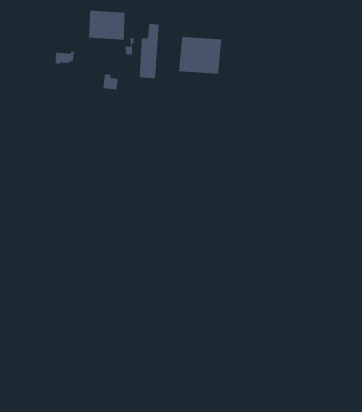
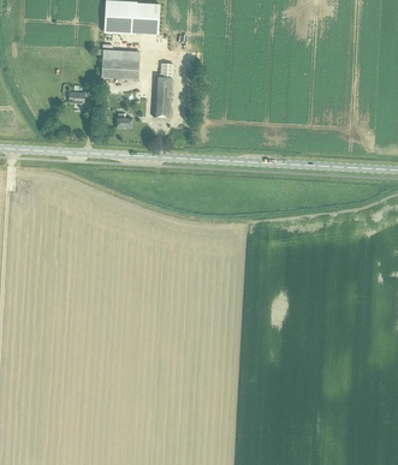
building: [179,36,222,74] -> none

